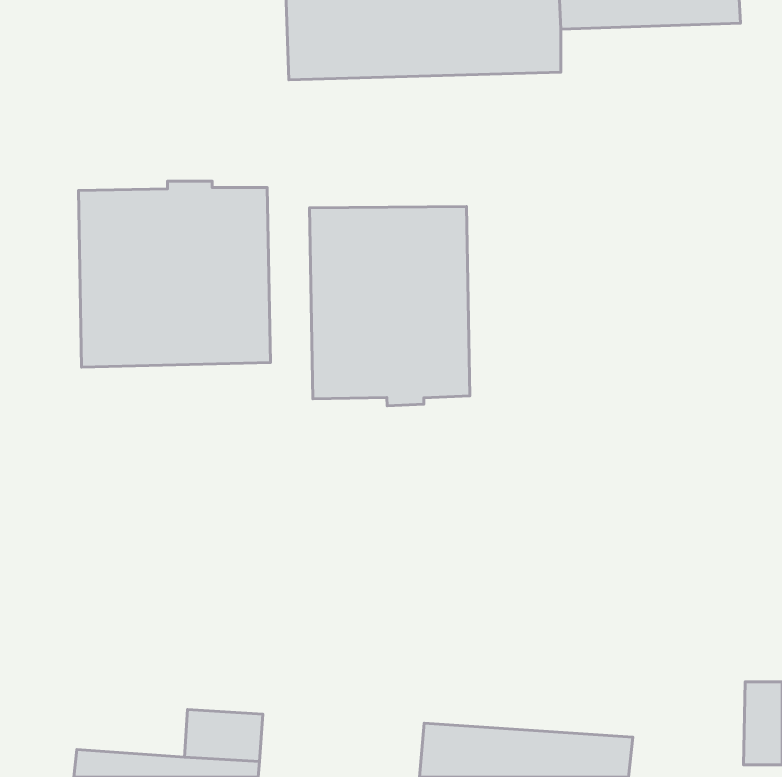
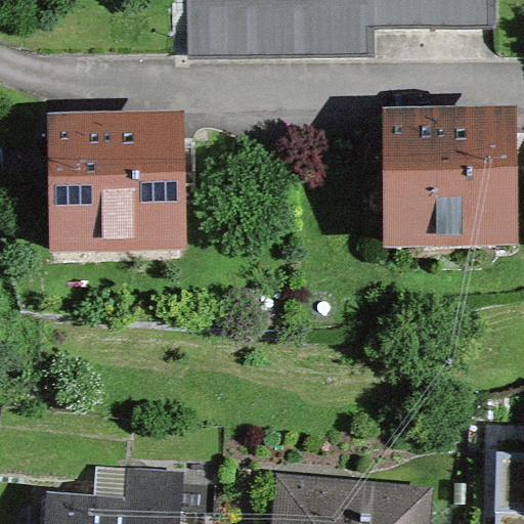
building: none -> [385,115,515,238]
building: [309,206,470,406] -> none

